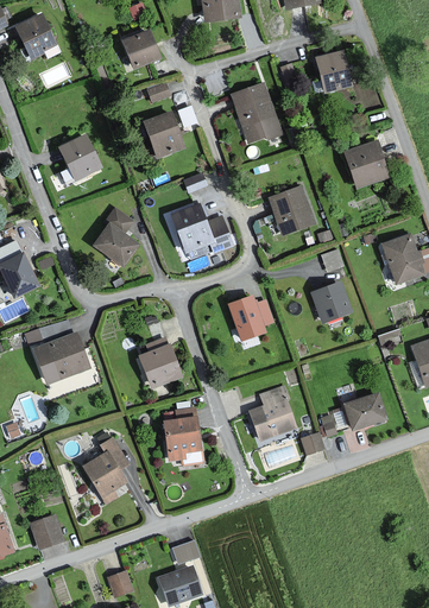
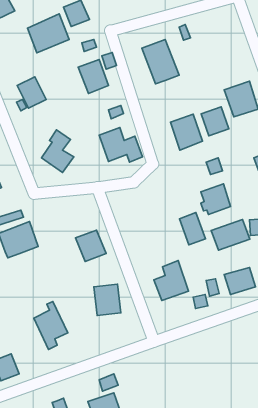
building: none -> [28,14,69,53]
building: [316,50,352,93] -> none
building: none -> [201,107,229,136]
building: [229,294,265,338] -> [179,213,206,245]
building: none -> [211,219,250,250]

